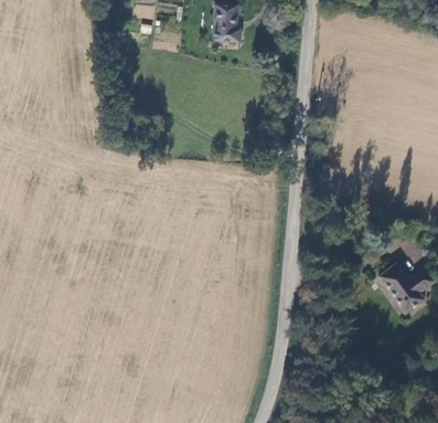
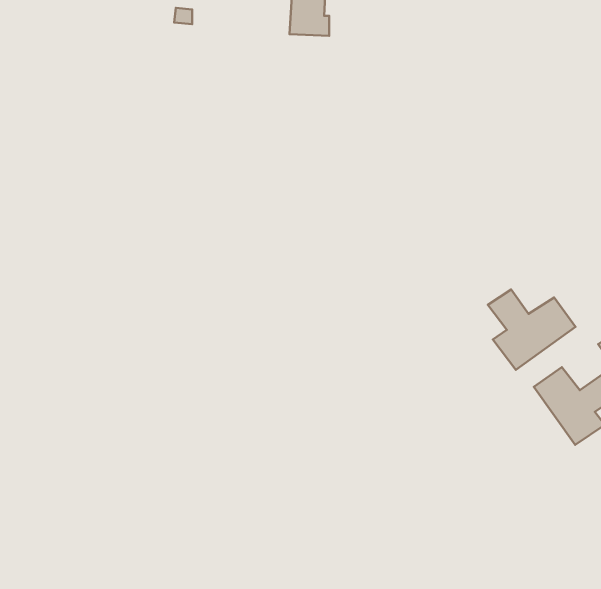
building: none -> [488,289,576,370]

